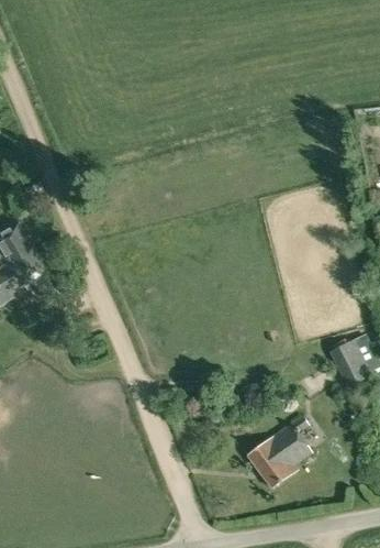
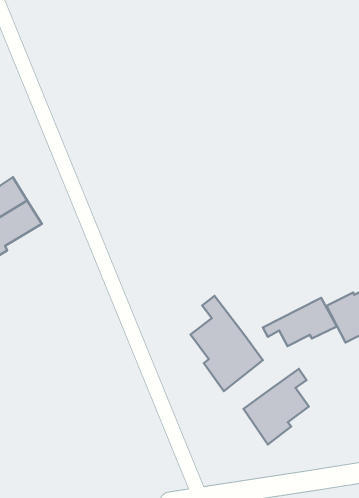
building: none -> [191,296,263,391]
building: none -> [263,298,337,346]

